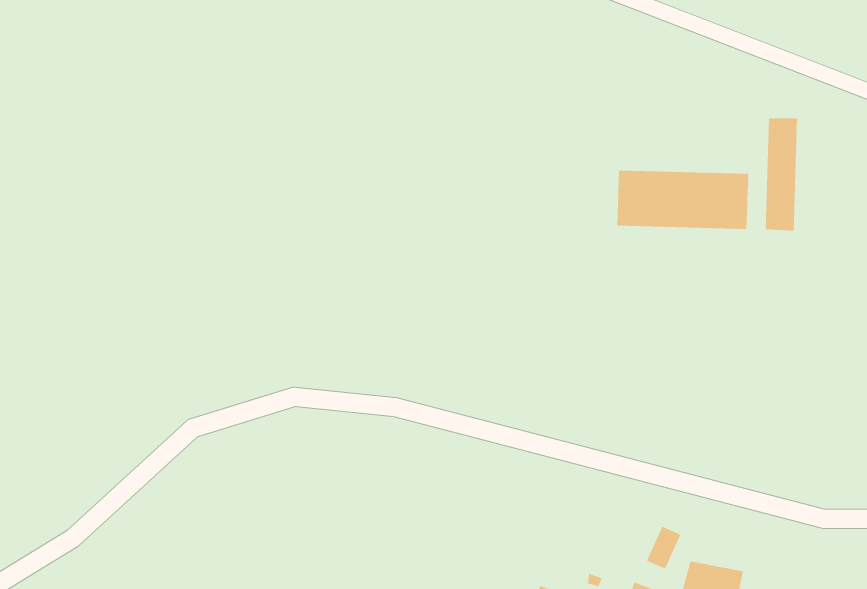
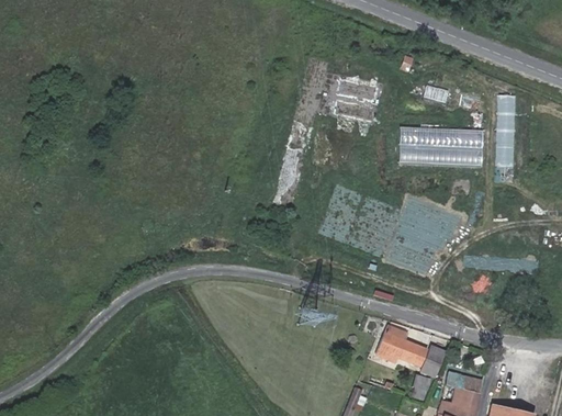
building: none -> [376,324,426,364]

